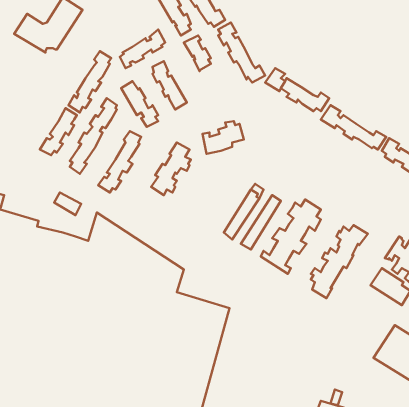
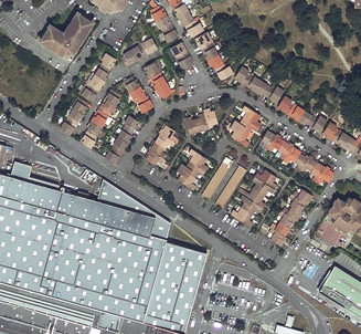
building: none -> [230,105,262,146]
building: none -> [261,131,336,184]
building: none -> [177,149,208,189]

